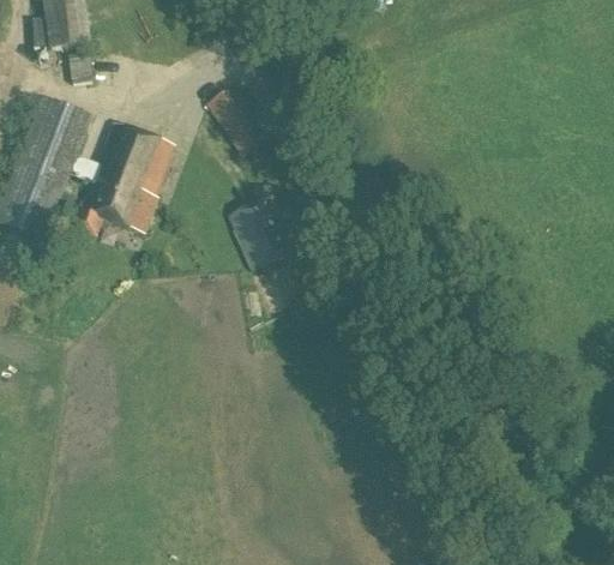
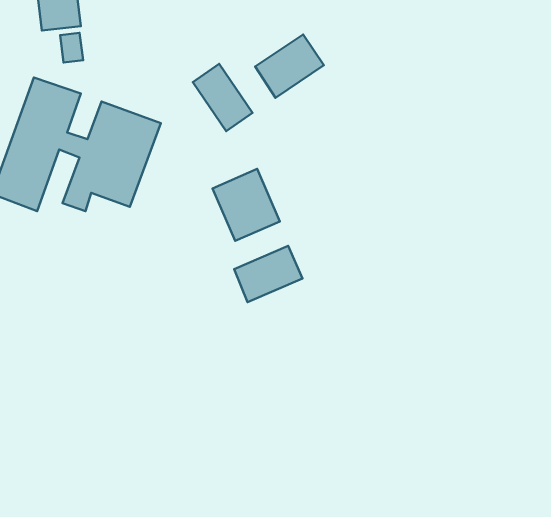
building: none -> [255,34,324,98]
building: none -> [234,246,302,302]

